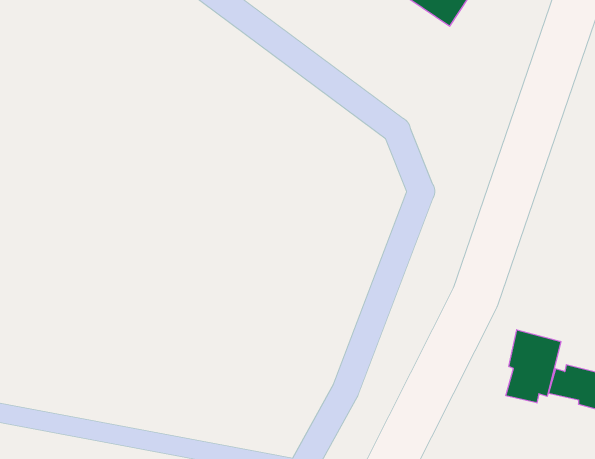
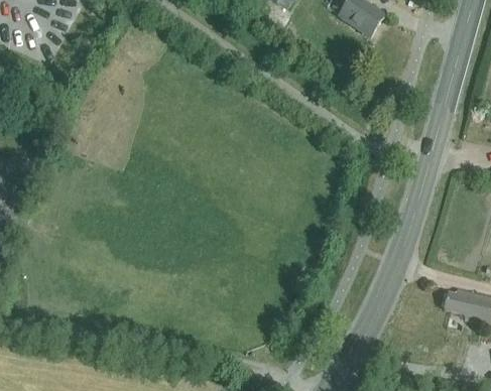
building: [506,330,561,403] -> none

